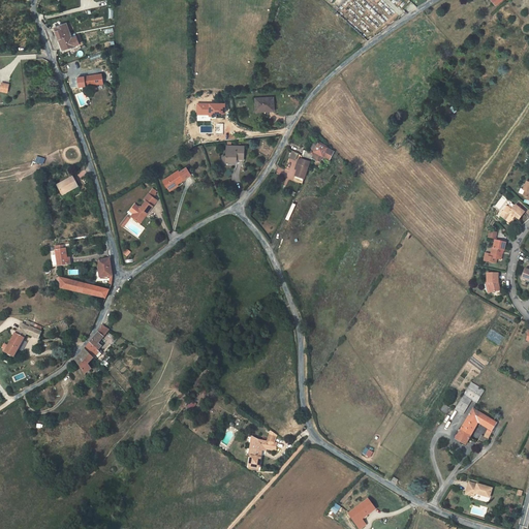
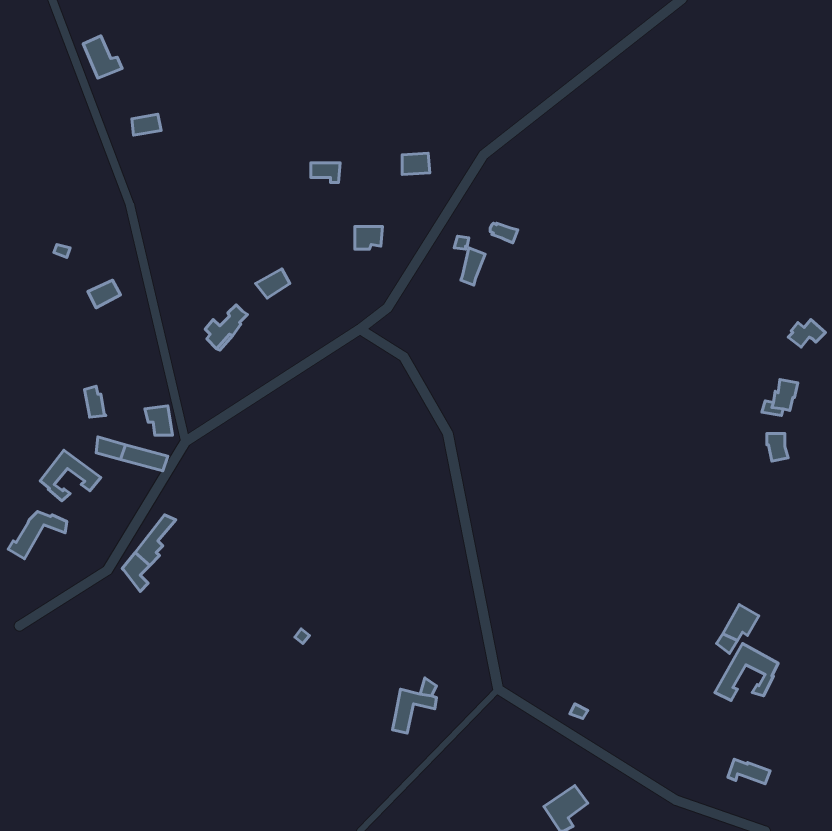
building: none -> [40,450,101,501]

